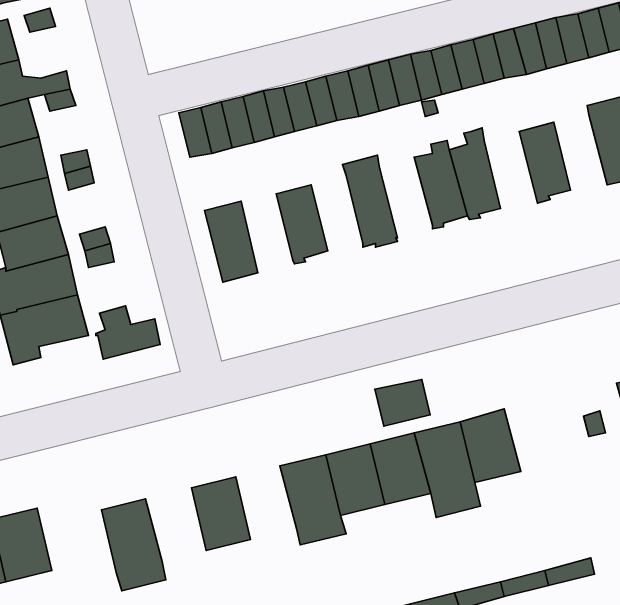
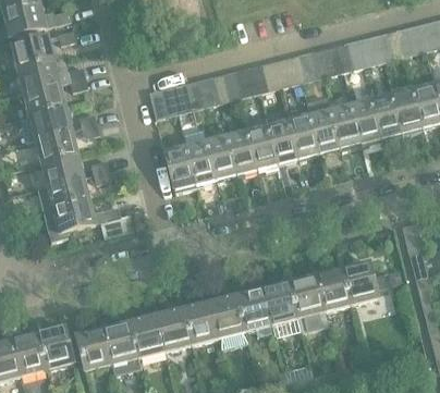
building: none -> [371,93,403,139]
building: none -> [330,102,362,150]
building: none -> [268,118,300,165]
building: none -> [228,128,258,175]
building: none -> [186,139,217,186]
building: [375,379,430,426] -> none
building: none -> [342,260,378,304]
building: none -> [183,300,219,344]
building: none -> [130,314,166,357]
building: none -> [76,327,112,370]

